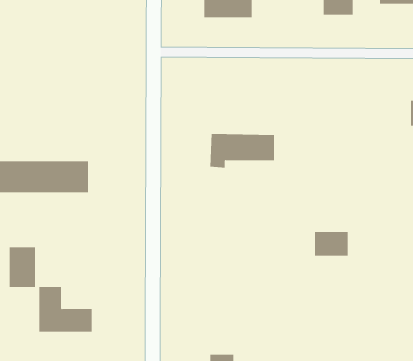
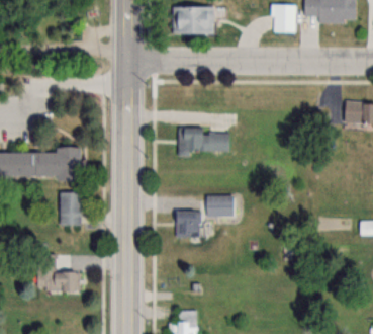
building: [314,232,349,256] -> [205,196,234,217]
building: none -> [176,212,200,238]
building: [9,247,36,288] -> [60,192,82,226]

